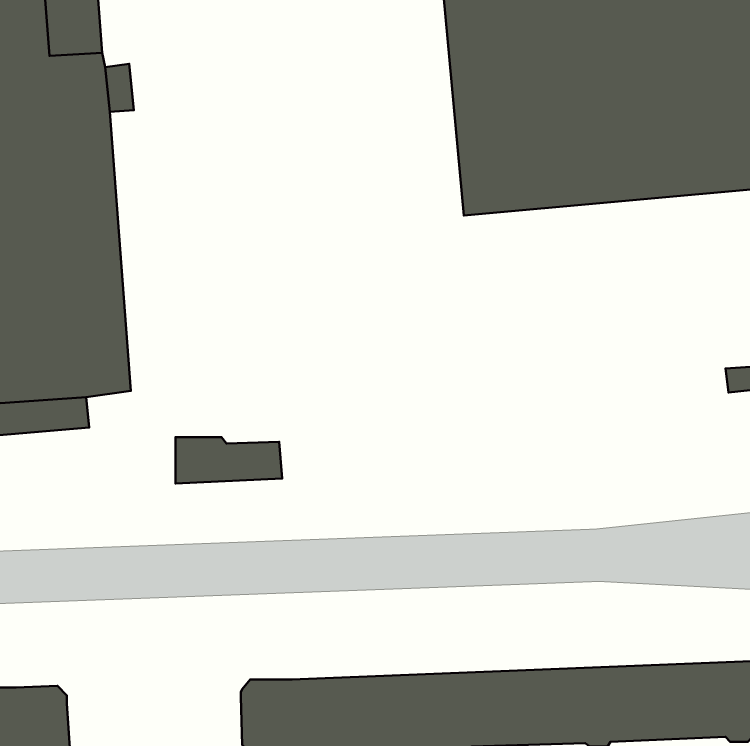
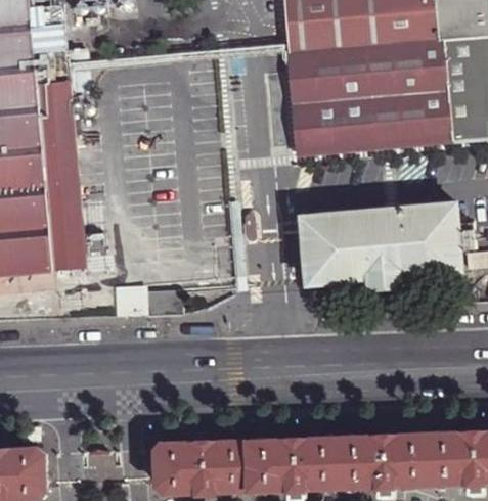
building: none -> [303,197,474,283]

